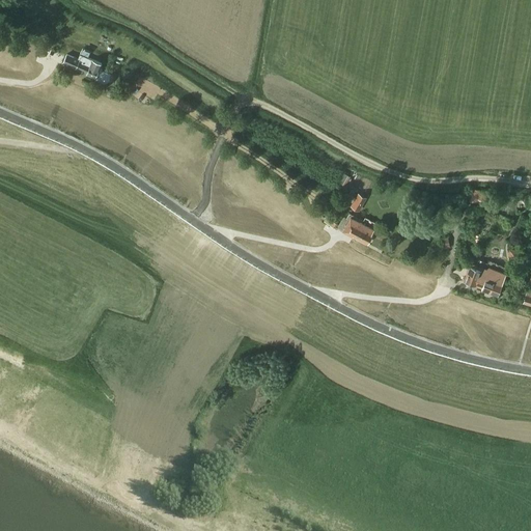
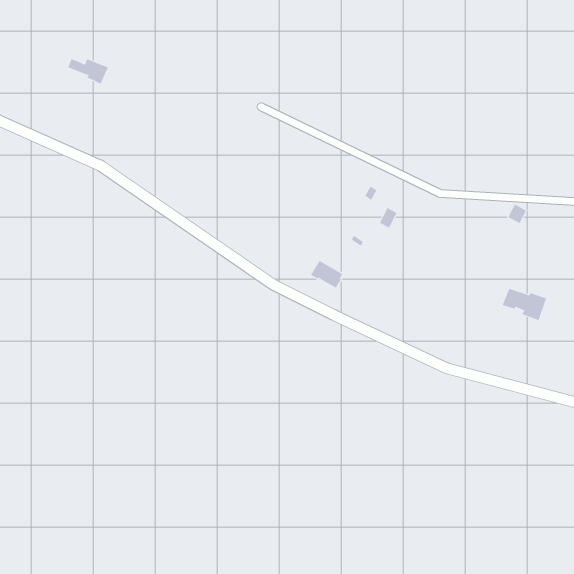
building: [342,217,372,243] -> [310,260,343,288]

